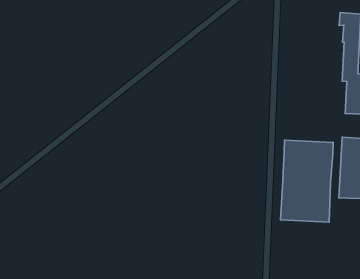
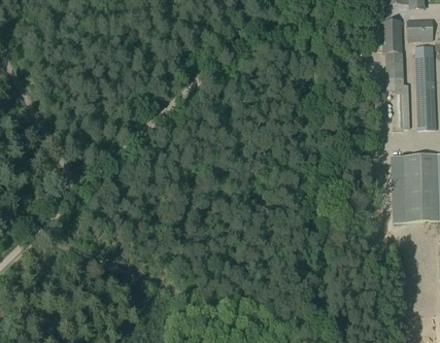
building: [280,140,333,222] -> none

